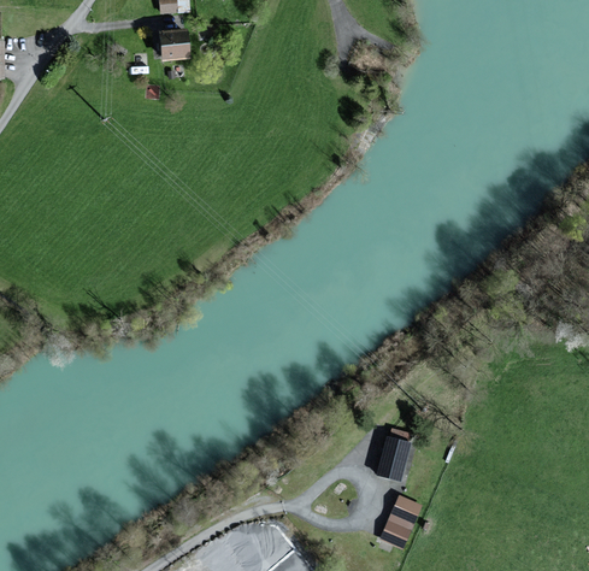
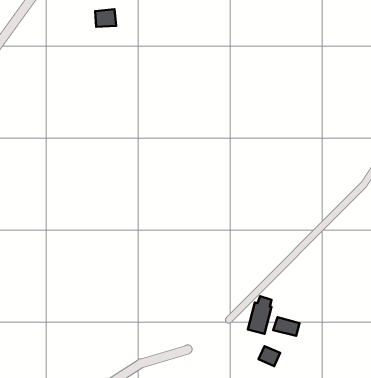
building: none -> [273,317,299,336]

